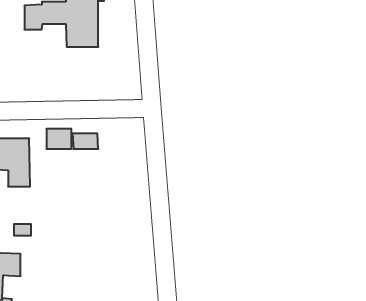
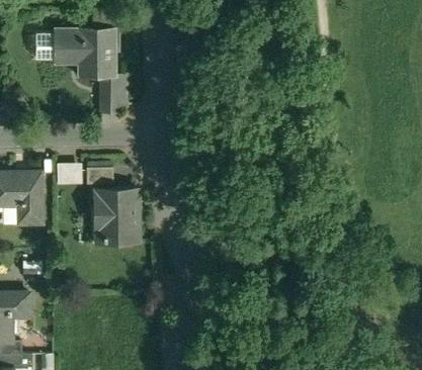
building: none -> [101,76,125,110]
building: none -> [95,189,139,243]

